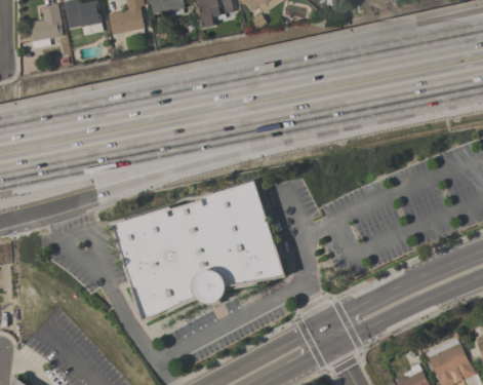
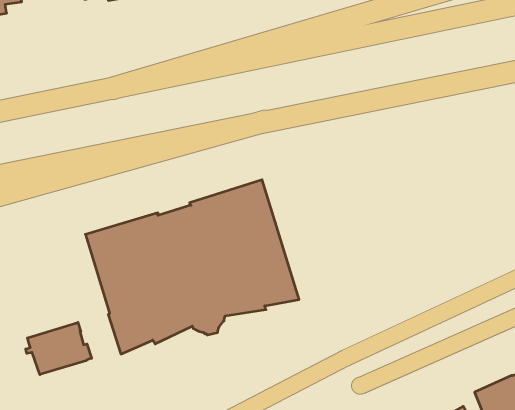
building: none -> [26,322,92,375]

